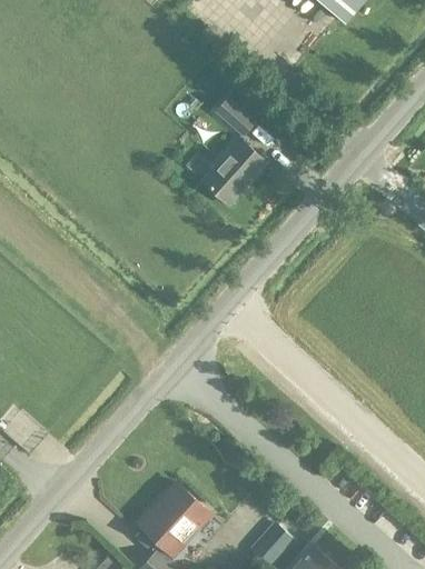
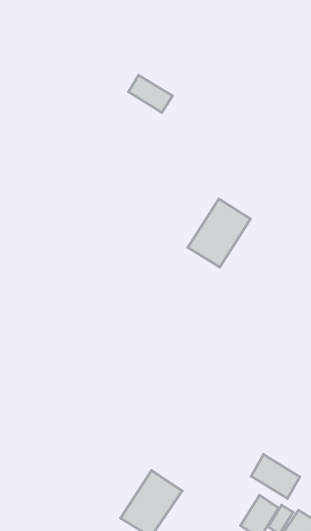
building: [200,138,266,204] -> [188,199,251,267]
building: none -> [251,454,300,499]

